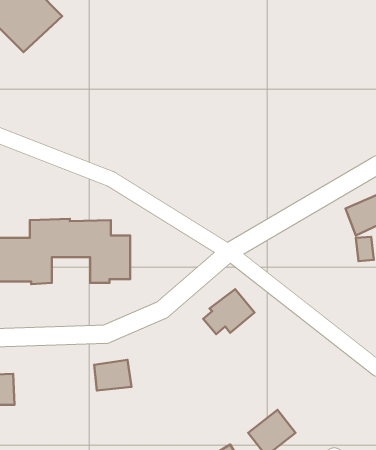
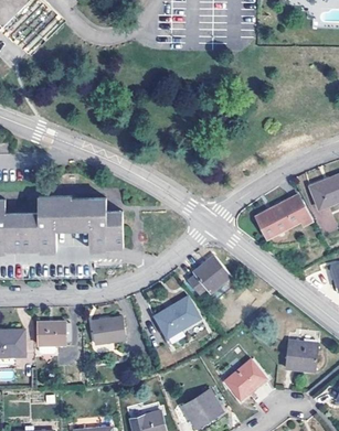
building: none -> [254,196,310,239]
building: none -> [153,298,199,338]
building: none -> [36,322,66,345]
building: none -> [285,340,317,373]

